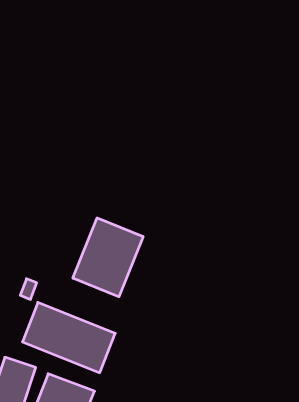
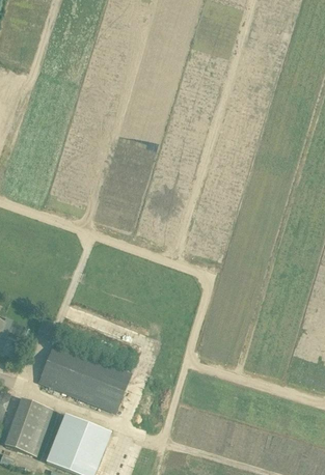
building: [73,218,143,297] -> none

